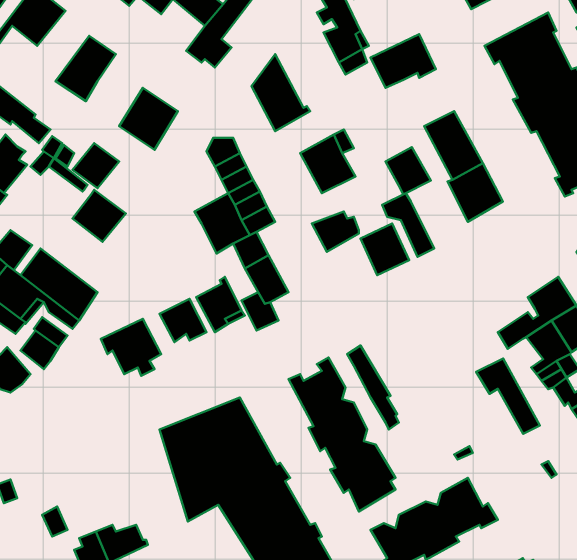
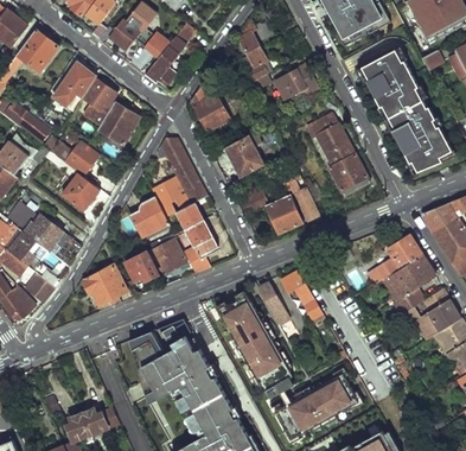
building: none -> [82,76,117,109]
building: [386,147,431,195] -> none
building: none -> [130,196,168,236]
building: [476,359,540,434] -> [280,271,325,324]

